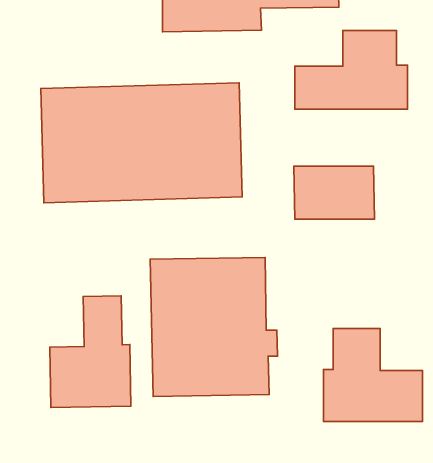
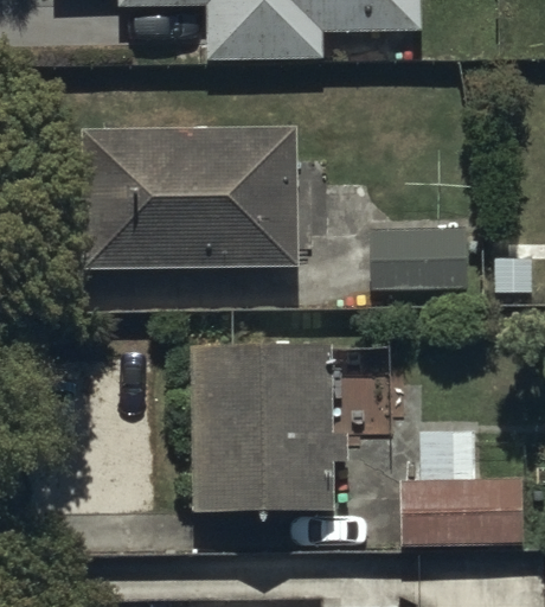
building: [295,30,408,109] -> none
building: [50,296,131,407] -> none

